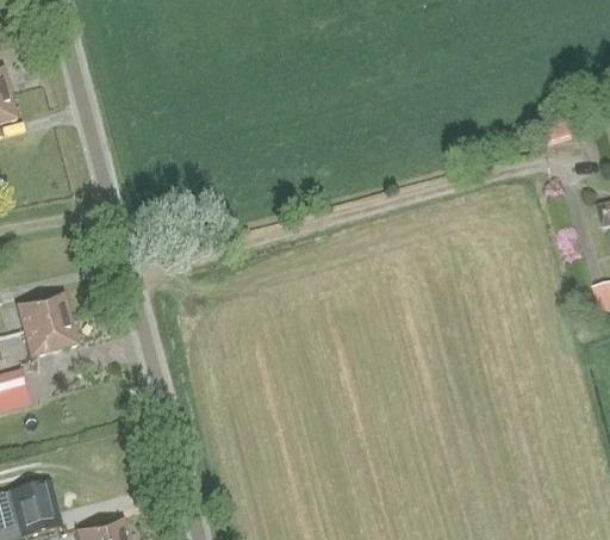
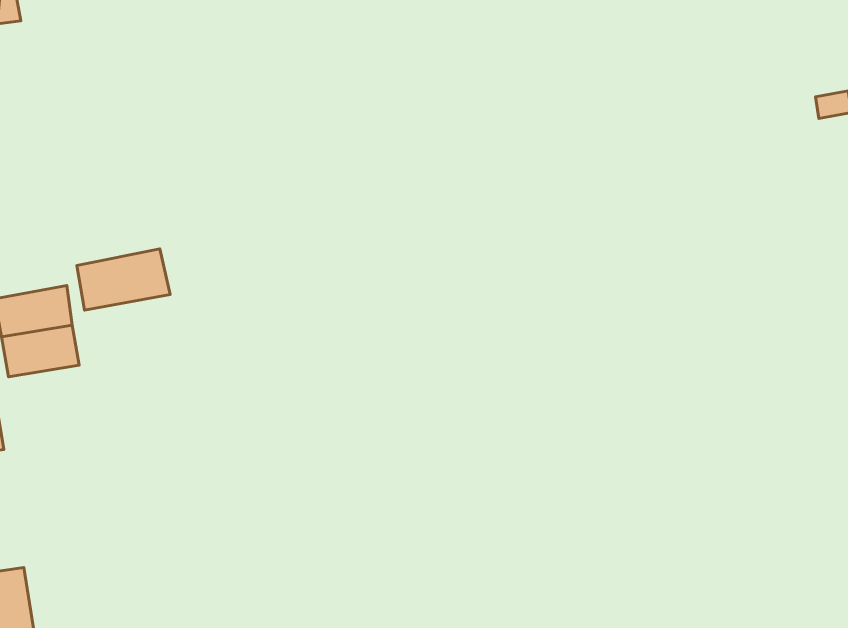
building: none -> [77,249,170,310]

